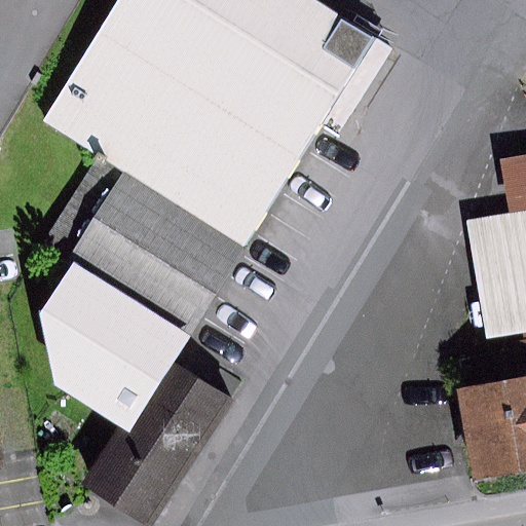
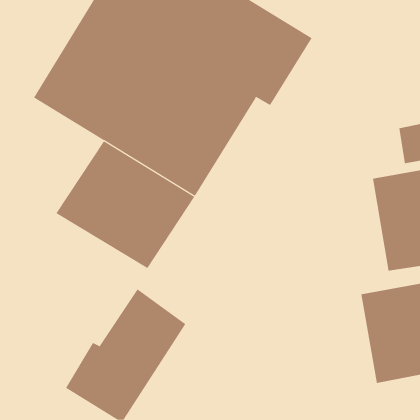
building: [41,265,187,429] -> none

